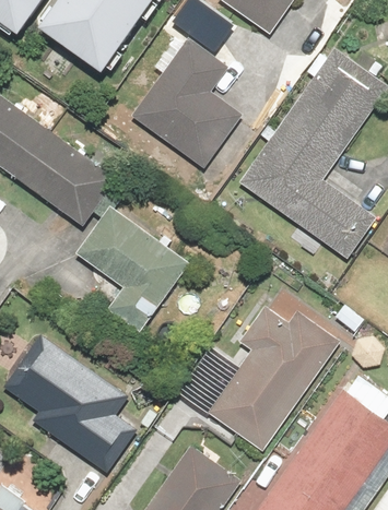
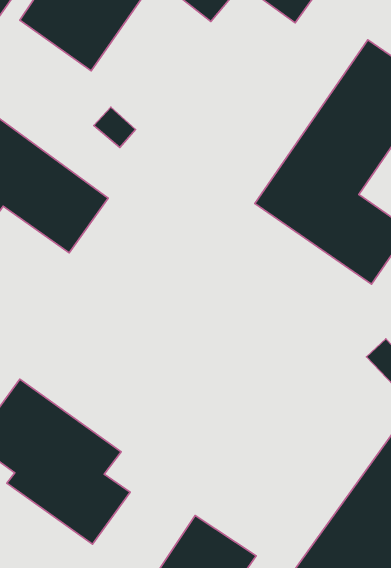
building: [131,37,243,168] -> none
building: [79,207,189,333] -> none
building: [209,308,339,448] -> none

